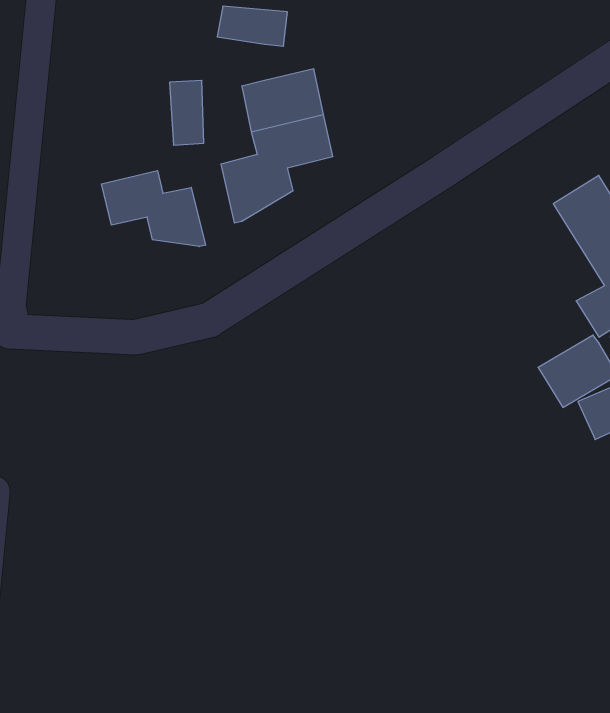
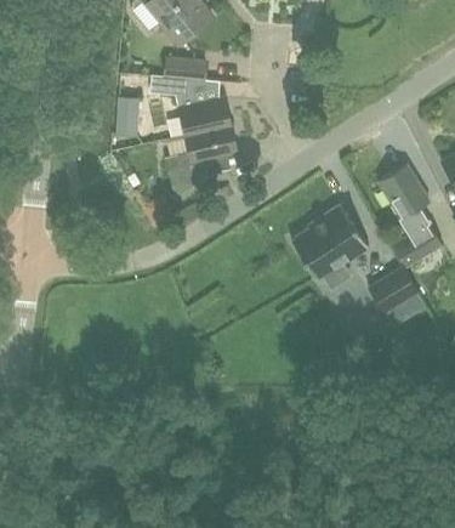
building: none -> [150,74,193,107]
building: [102,171,205,247] -> none
building: none -> [291,203,366,278]

